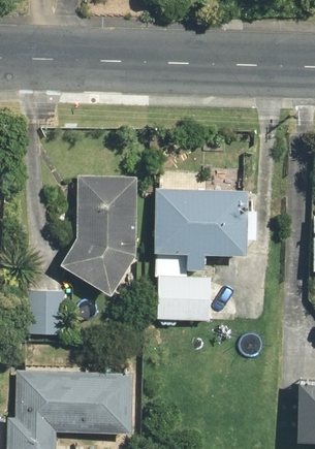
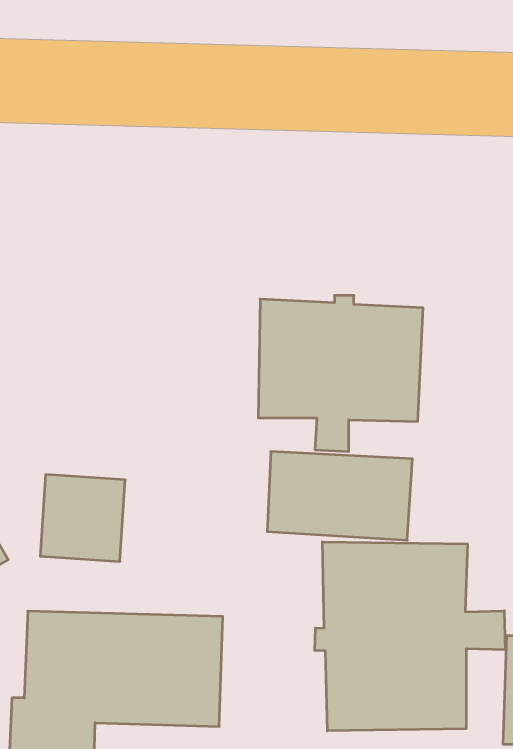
building: [57,173,135,298] -> none
building: none -> [315,542,505,731]

